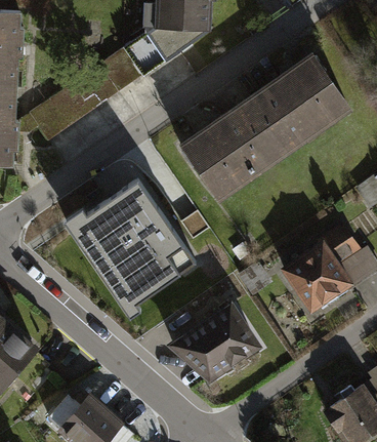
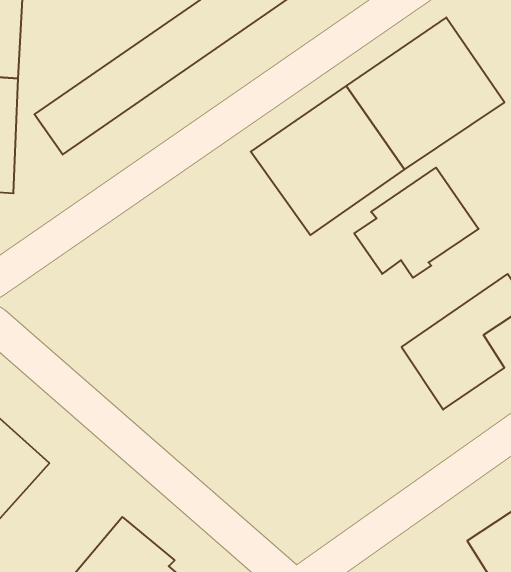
building: none -> [354,168,479,278]
building: [66,177,196,315] -> none
building: [165,297,262,380] -> none

